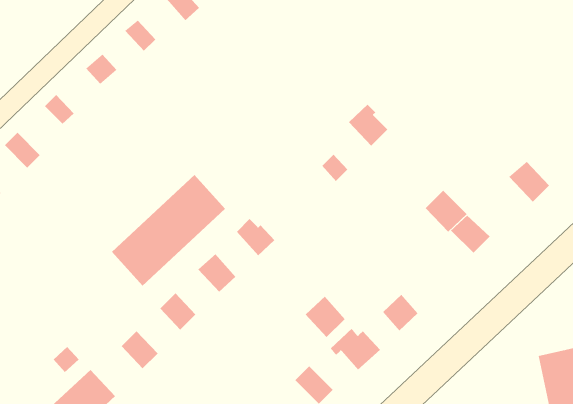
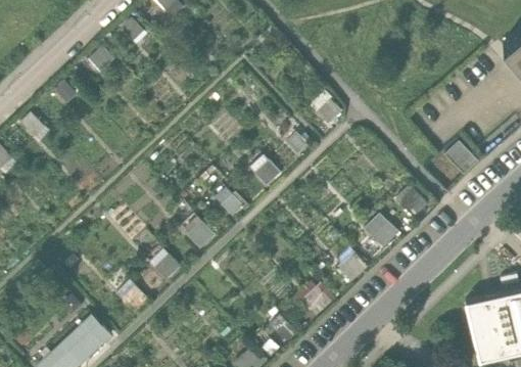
building: [111,174,226,287] -> none
building: none -> [248,153,280,186]
building: [425,190,467,233] -> [363,212,398,247]
building: [305,296,345,338] -> none

